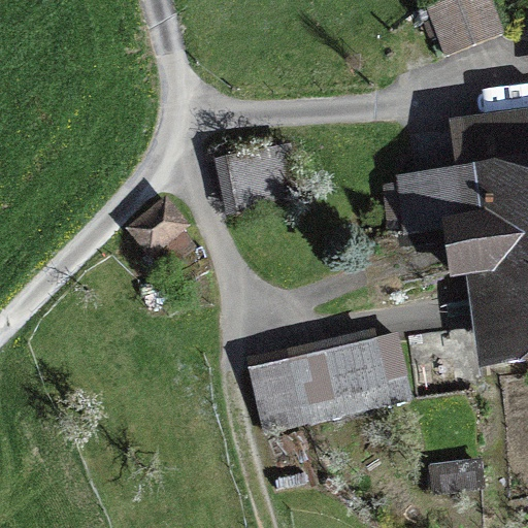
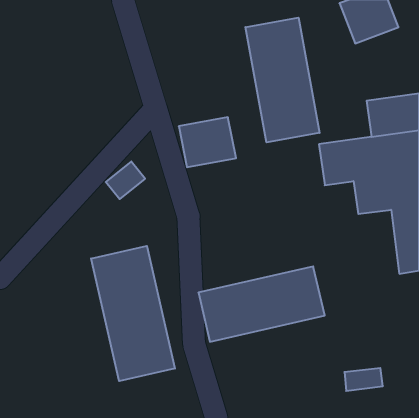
building: none -> [245,18,320,142]
building: none -> [91,246,175,381]

